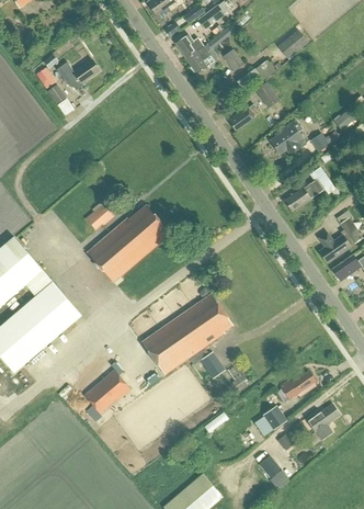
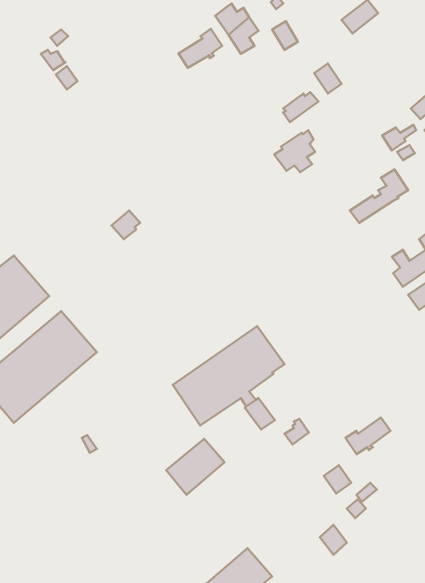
building: none -> [179,29,222,68]
building: [56,59,99,90] -> none
building: [269,121,302,155] -> [274,130,315,172]
building: [87,205,169,282] -> none
building: [83,370,130,415] -> [166,439,225,495]
building: [306,404,339,439] -> none

